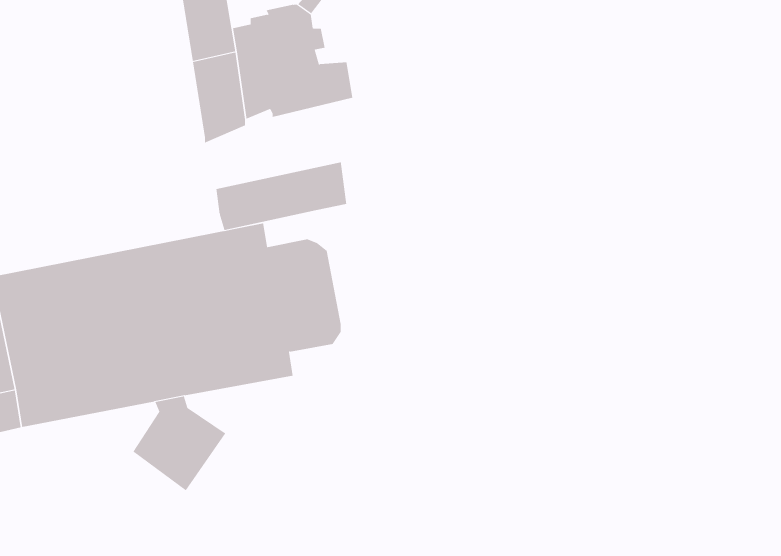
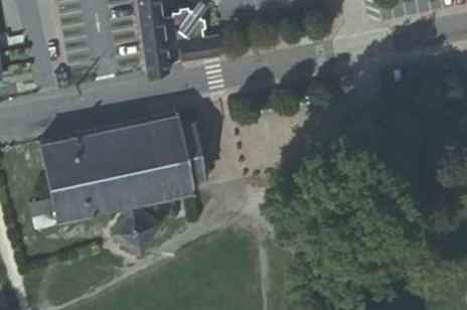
building: [216,161,347,231] -> none

